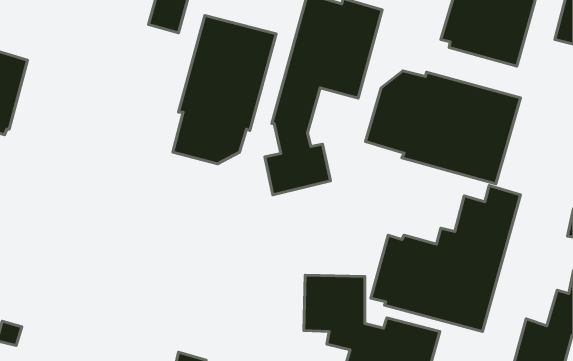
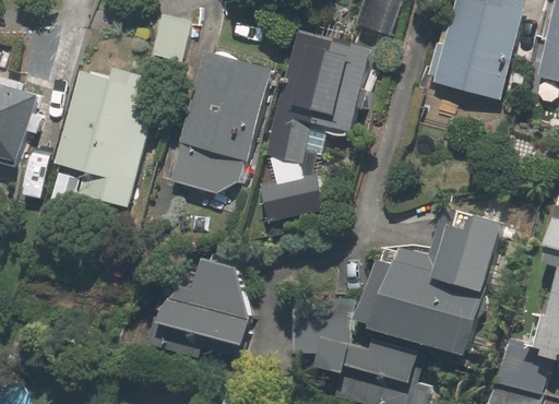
building: none -> [55,67,150,206]
building: [366,71,520,184] -> none
building: none -> [146,257,253,360]

